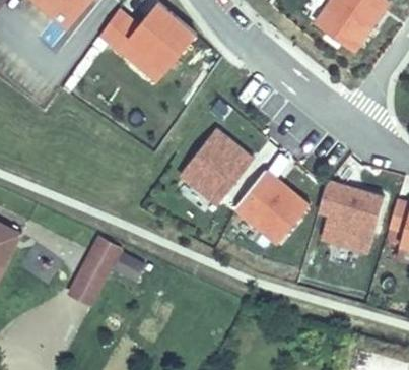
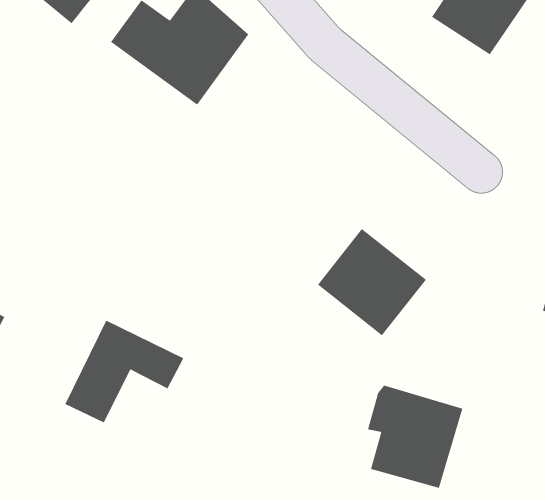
building: [182,130,255,205] -> none
building: [320,180,386,251] -> [367,385,463,488]

